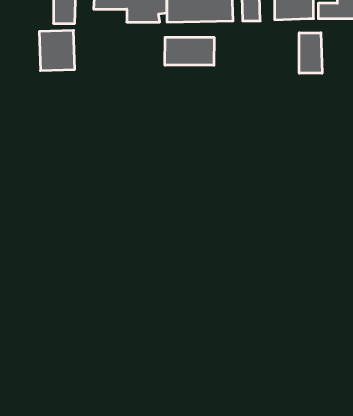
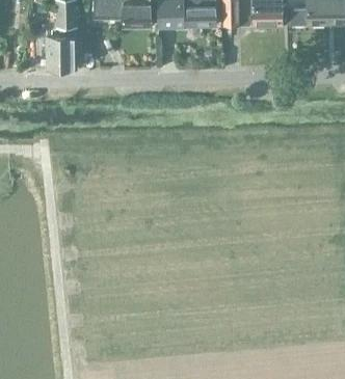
building: [299,33,322,73] -> none
building: [165,37,214,65] -> none

